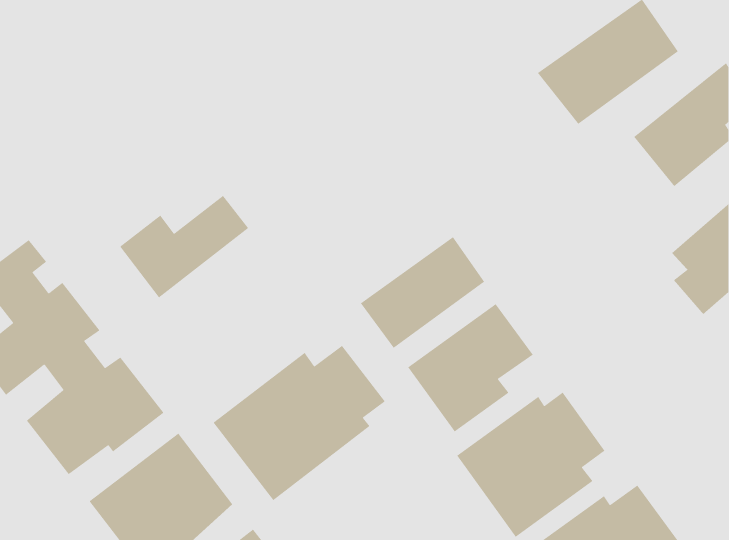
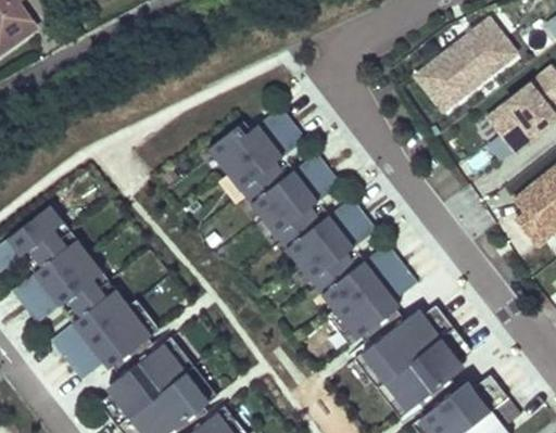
building: none -> [255,155,344,237]
building: [119,195,249,298] -> [214,115,306,189]
building: [212,345,386,501] -> none

